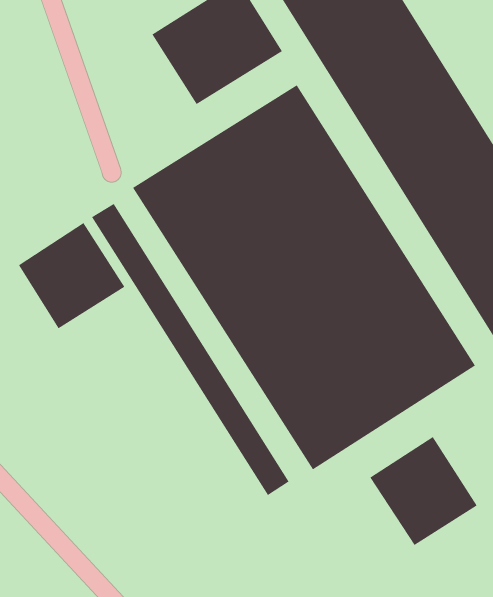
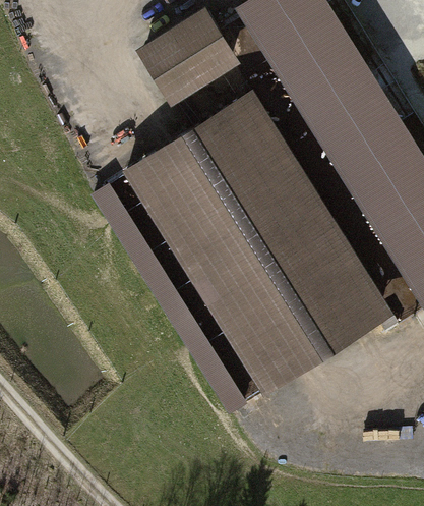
building: [18,222,125,329] -> none
building: [369,436,477,546] -> none

